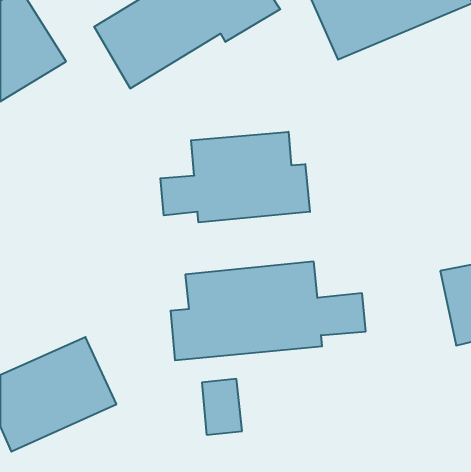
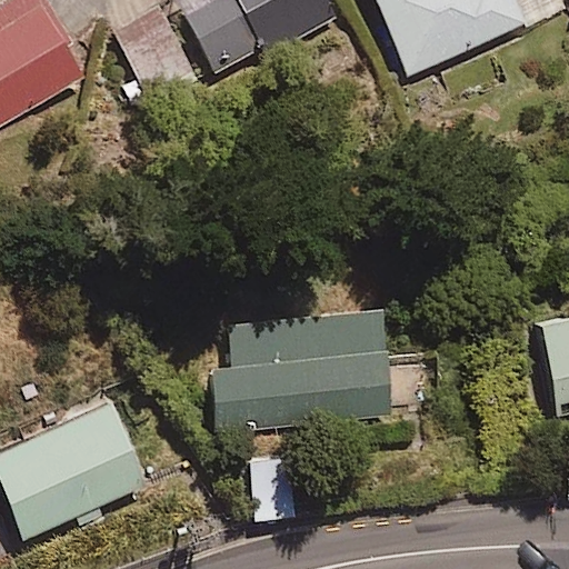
building: [160,132,310,222] -> none

